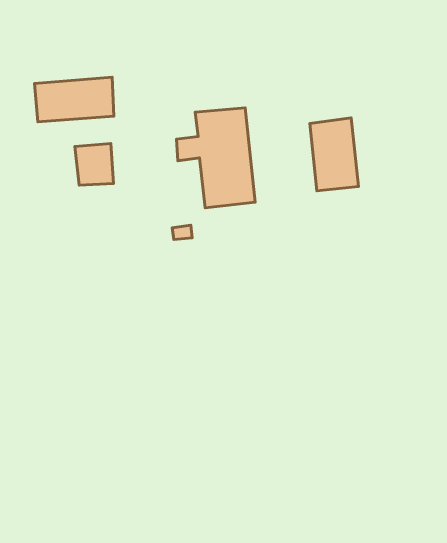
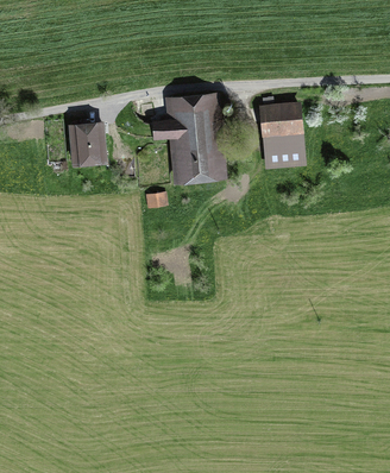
building: [35,77,114,122] -> none

